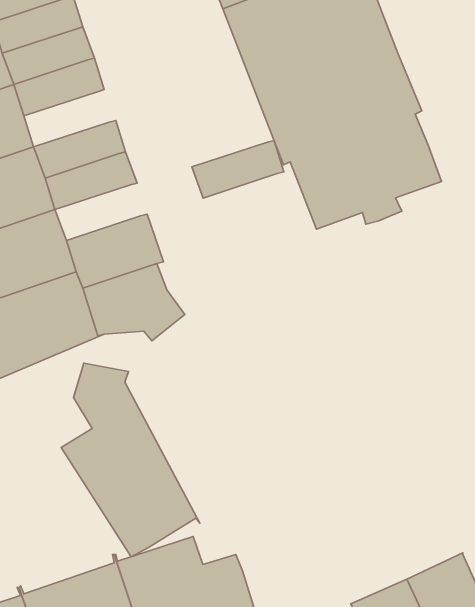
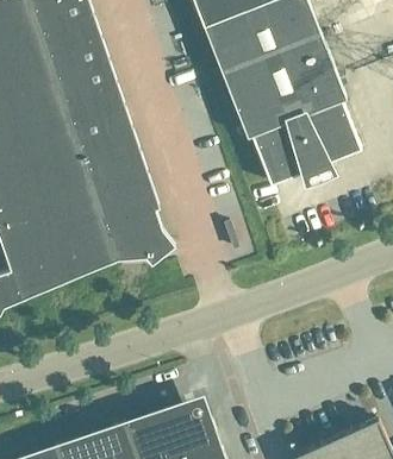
building: none -> [58,82,125,124]
building: [192,141,284,198] -> [81,150,148,191]
building: [61,363,200,557] -> none

